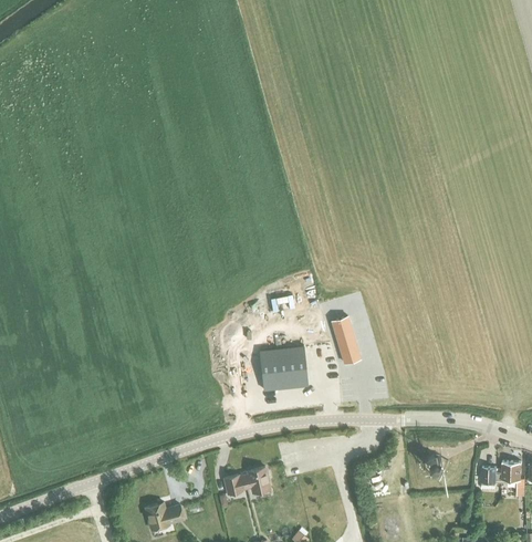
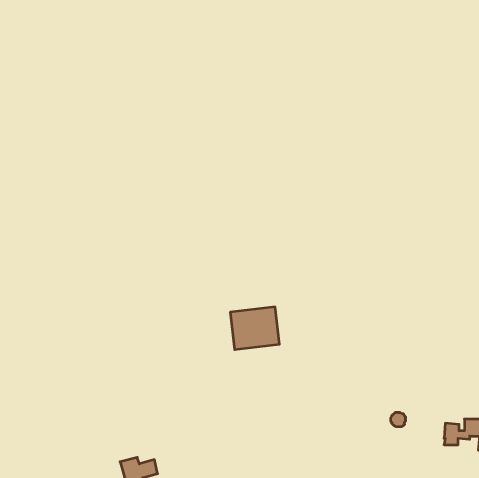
building: [332,316,361,364] -> none
building: [225,467,270,496] -> none

